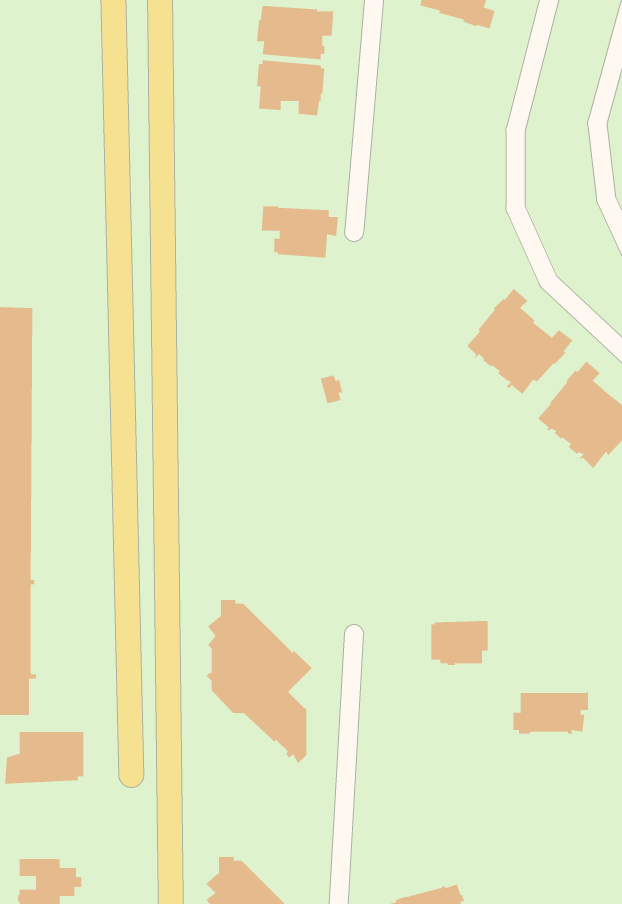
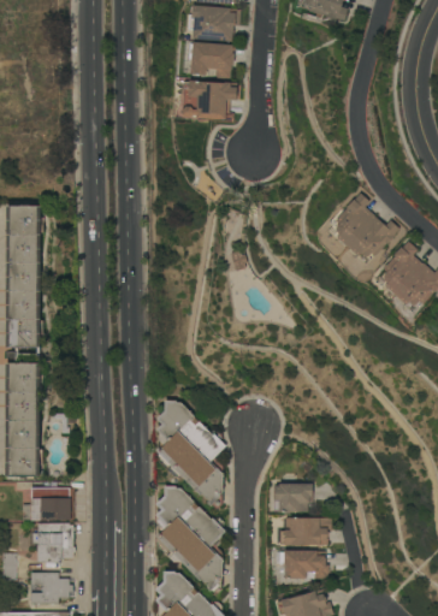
building: [261,206,339,258] -> [184,79,236,114]
building: [430,620,488,666] -> [272,482,310,513]
building: [513,691,589,734] -> [279,516,330,545]
building: none -> [154,485,225,593]
building: none -> [30,522,73,562]
building: none -> [278,551,327,579]

